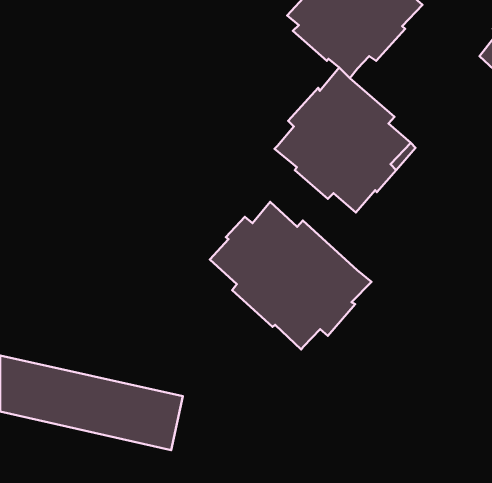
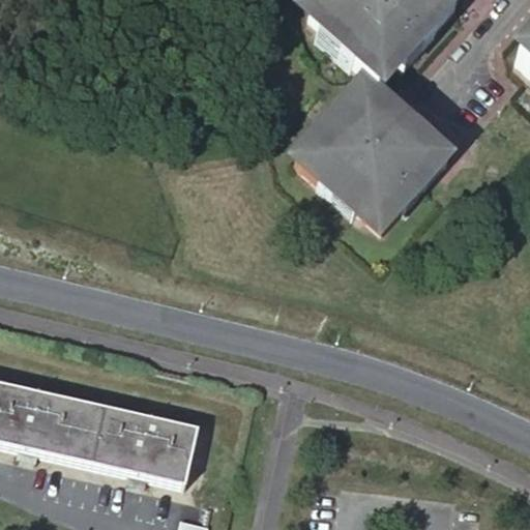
building: [210,202,371,349] -> none

